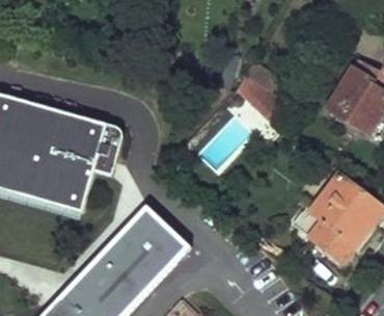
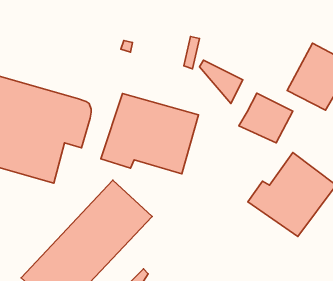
building: none -> [239,93,293,143]
building: none -> [101,93,198,174]

